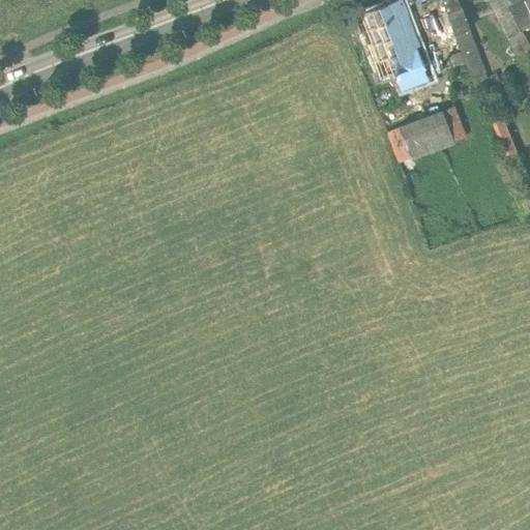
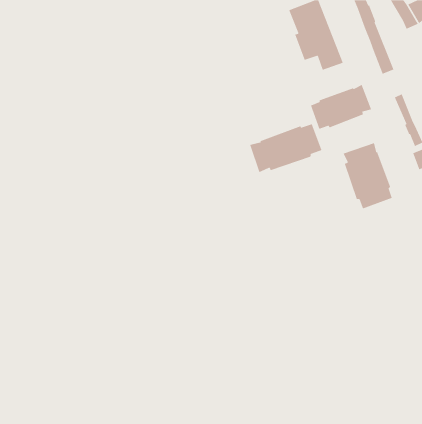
building: none -> [249,123,322,173]
building: none -> [342,142,393,209]

